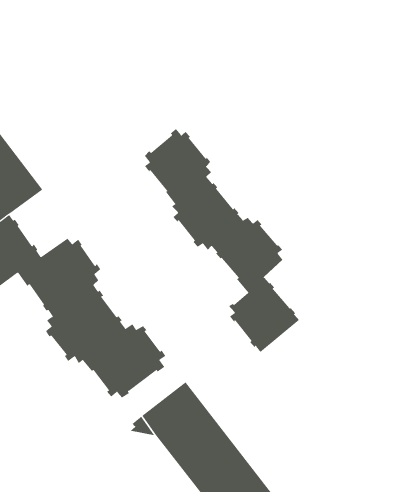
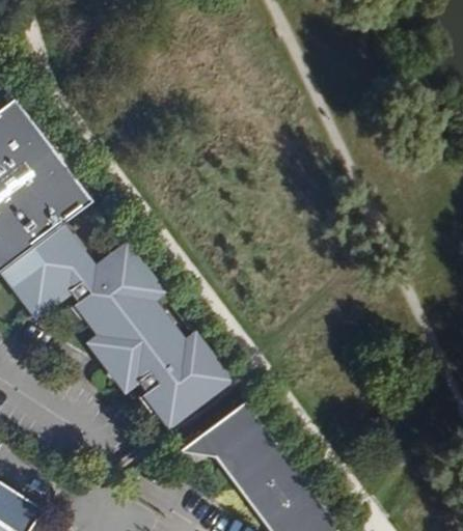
building: [144,128,300,353] -> none

